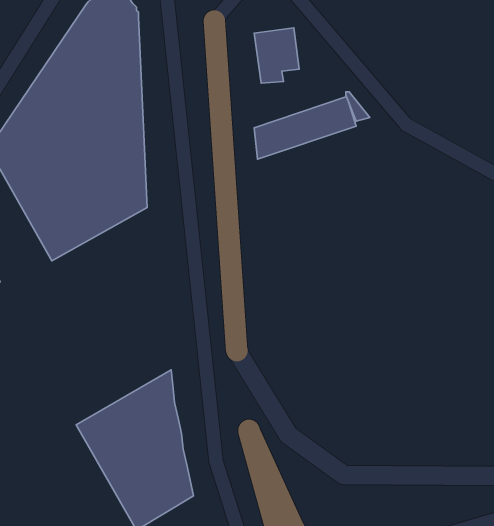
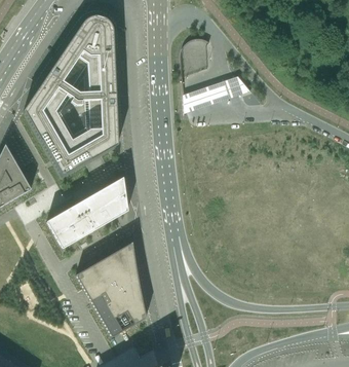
building: none -> [46,177,127,249]

